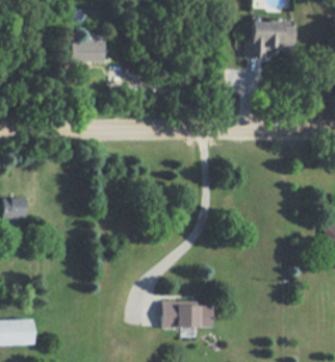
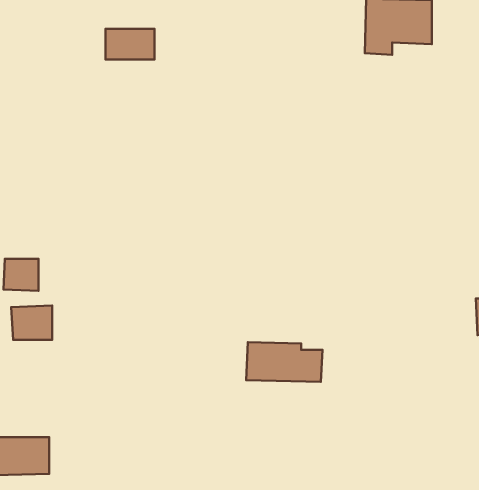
building: none -> [11,306,52,340]
building: [163,301,215,328] -> [246,342,322,382]

